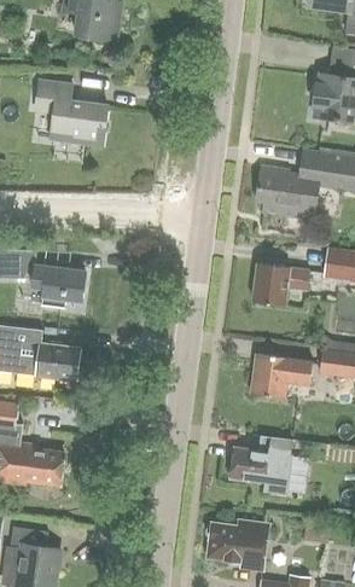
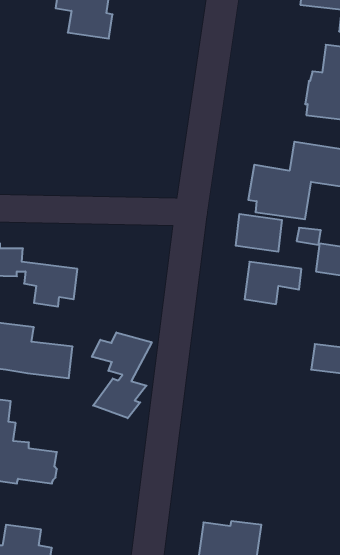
building: [35,81,107,144] -> none
building: none -> [236,214,282,252]
building: none -> [92,332,152,418]
building: [249,354,312,400] -> none
building: [228,436,291,493] -> none

